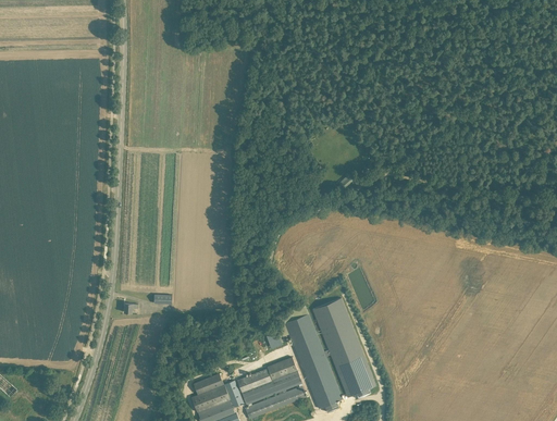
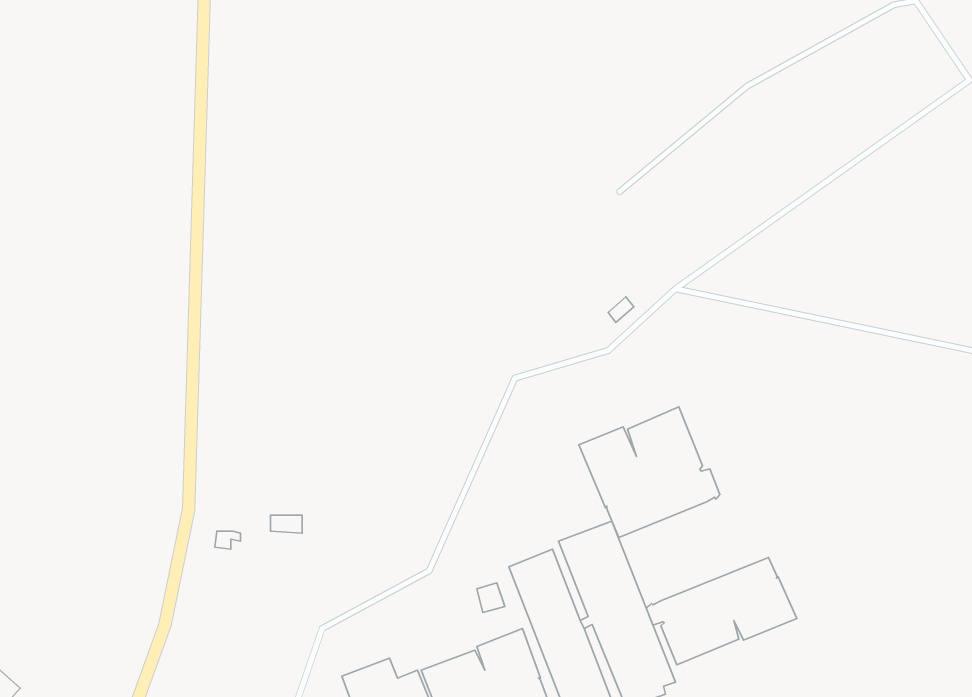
building: none -> [579,407,720,538]
building: none -> [646,557,797,665]

